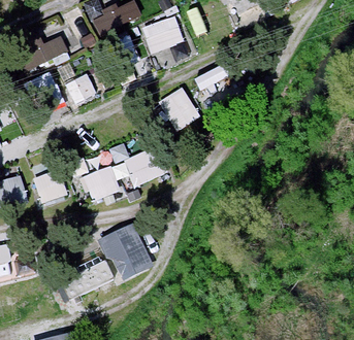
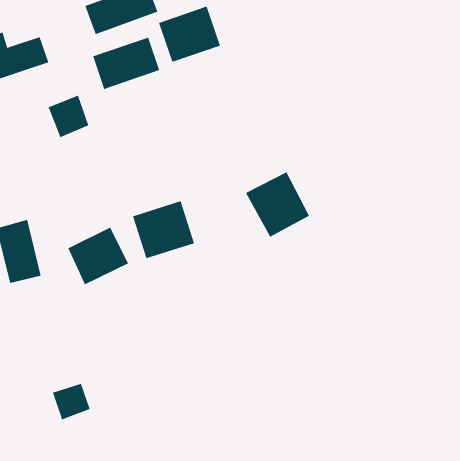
building: none -> [92,37,160,90]
building: [156,88,199,132] -> [245,171,310,237]
building: [99,222,153,280] -> none

